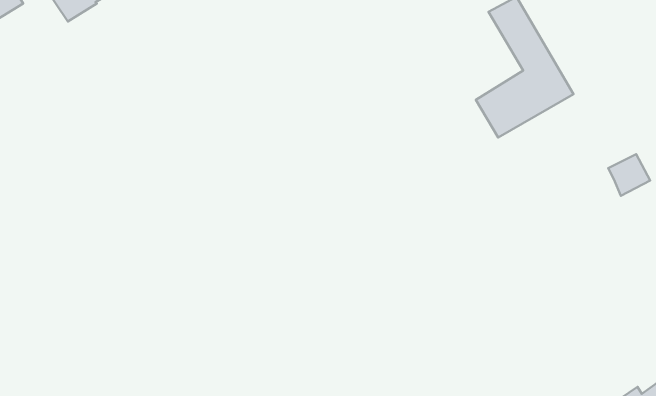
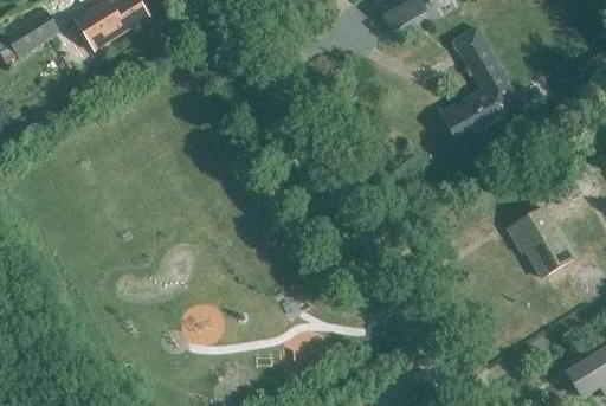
building: none -> [510,207,574,277]

